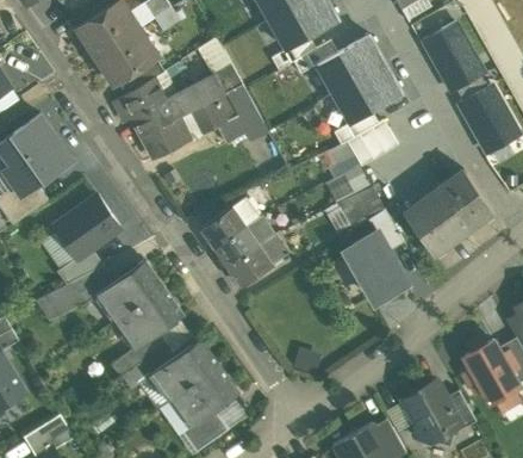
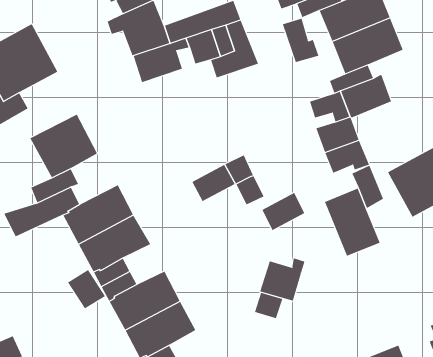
building: none -> [282,18,319,63]
building: [200,206,244,248] -> none
building: [228,245,270,285] -> [261,192,305,231]
building: none -> [259,257,305,302]

